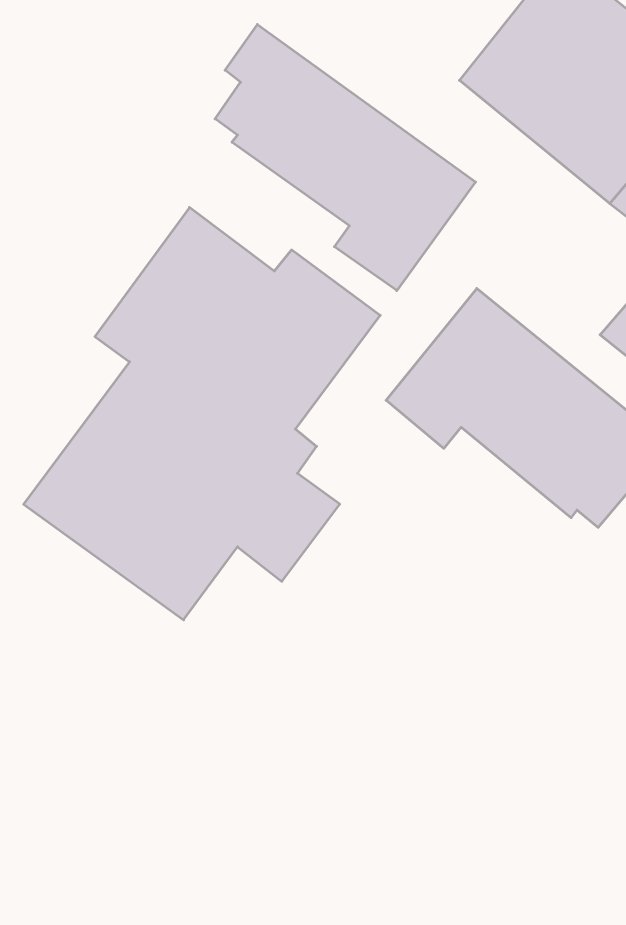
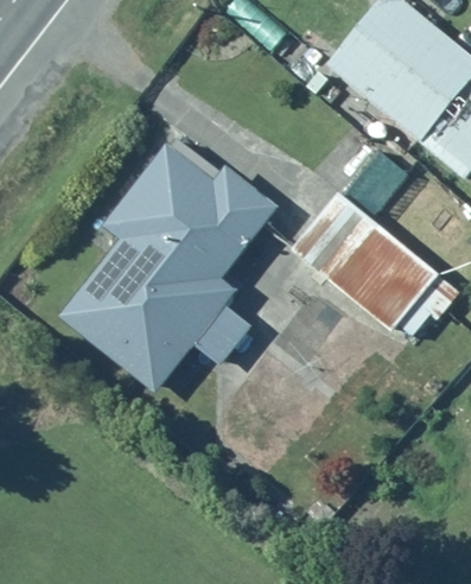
building: [215,24,476,291] -> none

